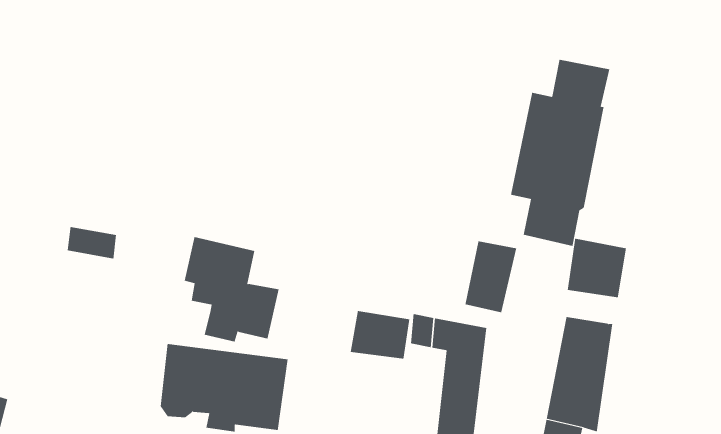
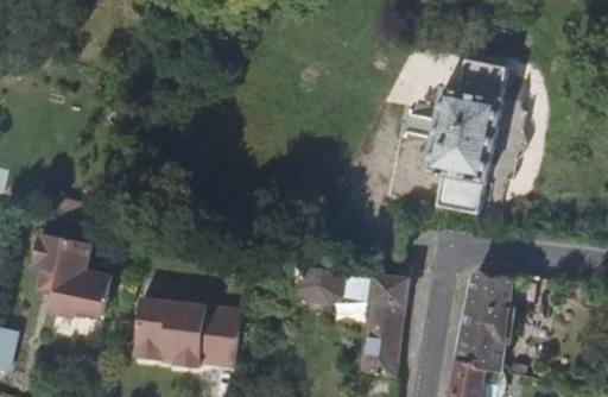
building: [184,236,280,342] -> [32,229,112,317]
building: [567,238,626,298] -> none
building: [465,240,517,313] -> none

